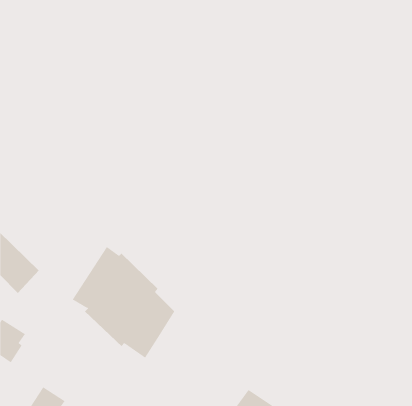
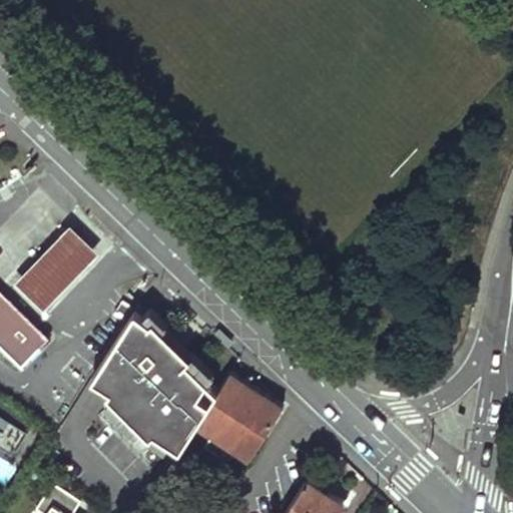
building: none -> [14,228,96,313]
building: none -> [196,376,282,468]

